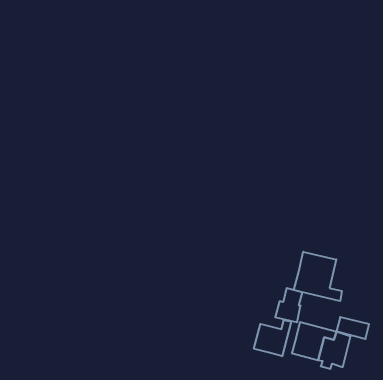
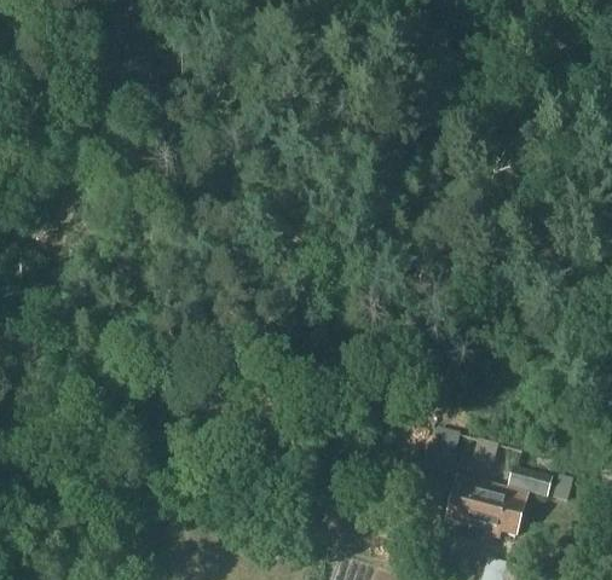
building: [294,252,342,301] -> none
building: [254,320,291,356] -> none

